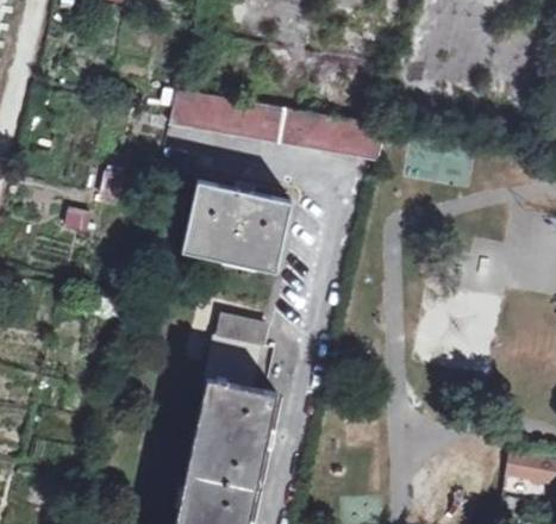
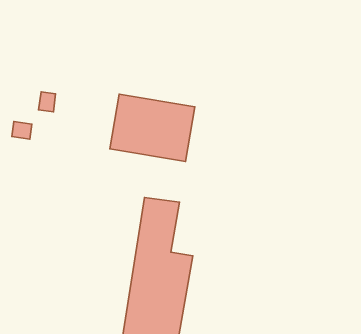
building: [174,92,386,161] -> none

